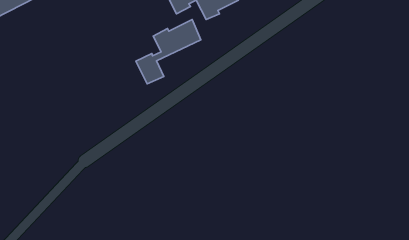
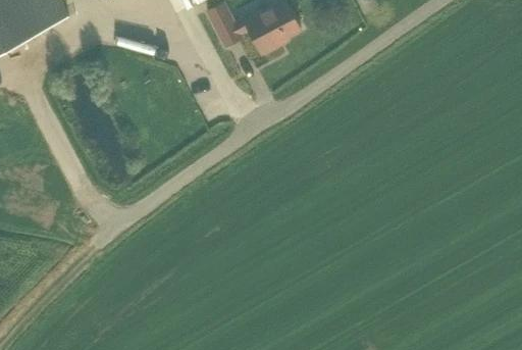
building: [136,20,201,84] -> none

